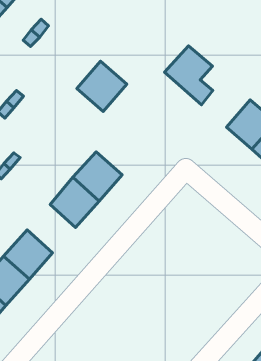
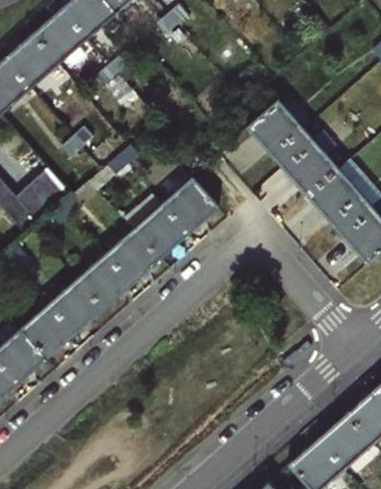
building: [77,61,127,111] -> [164,178,218,232]
building: none -> [283,128,337,195]
building: none -> [79,255,132,307]

